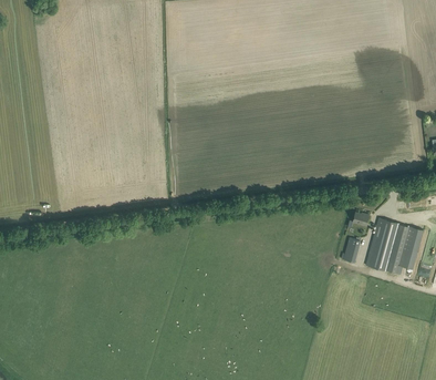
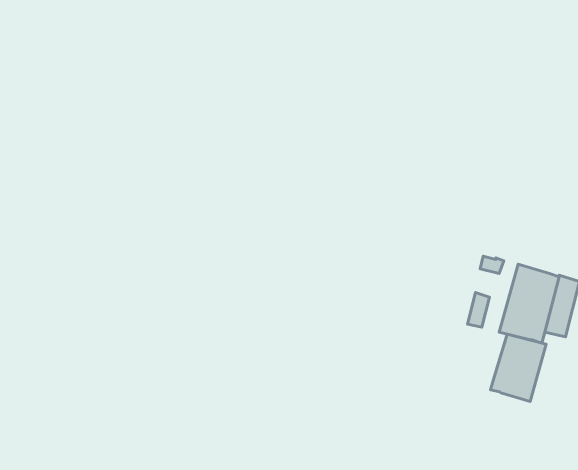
building: none -> [490,334,546,402]

